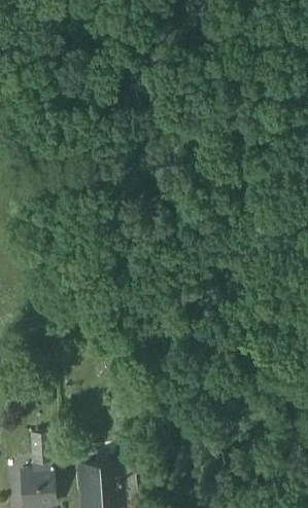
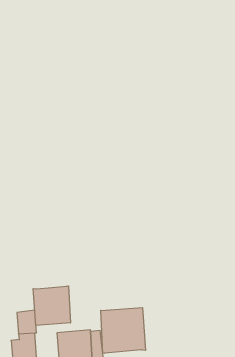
building: none -> [33,286,70,325]
building: none -> [101,308,145,354]

